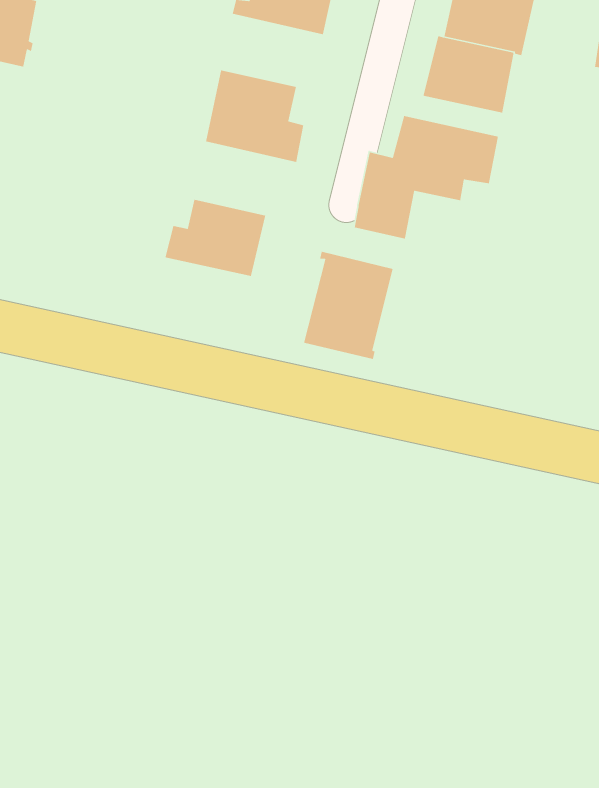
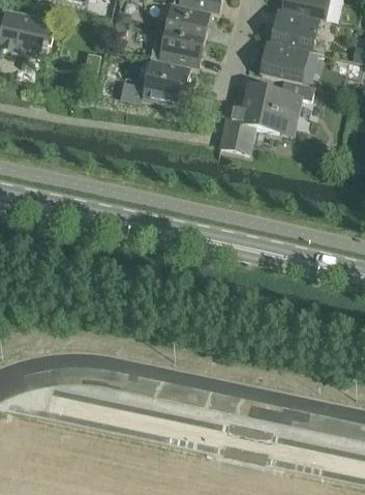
building: none -> [149,28,205,69]
building: [164,199,266,277] -> none
building: [303,251,394,360] -> none

